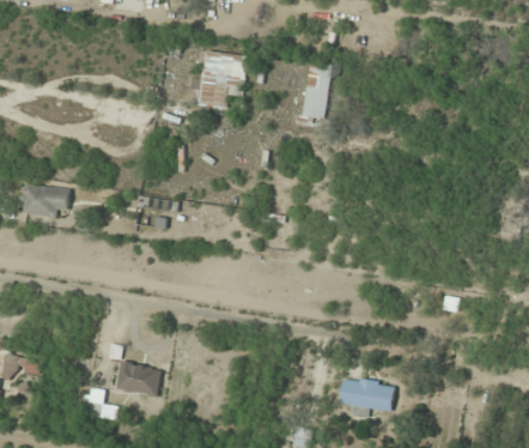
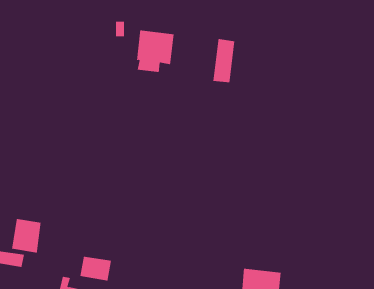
building: [22,183,69,218] -> none
building: none -> [11,218,41,254]

